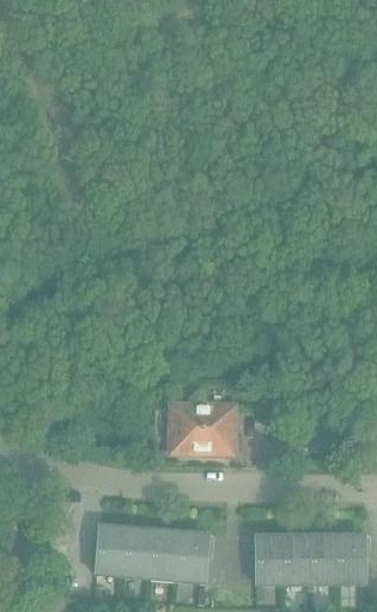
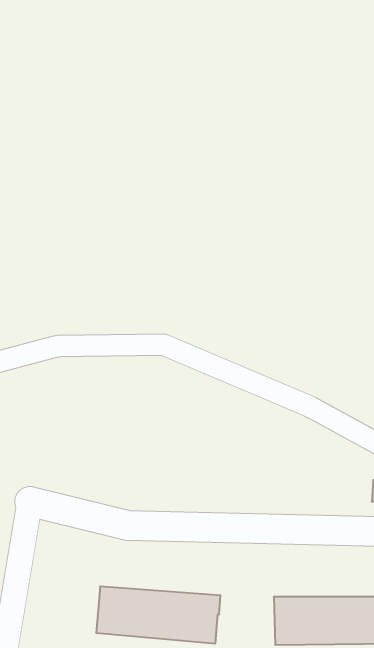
building: [171,404,235,452] -> none

